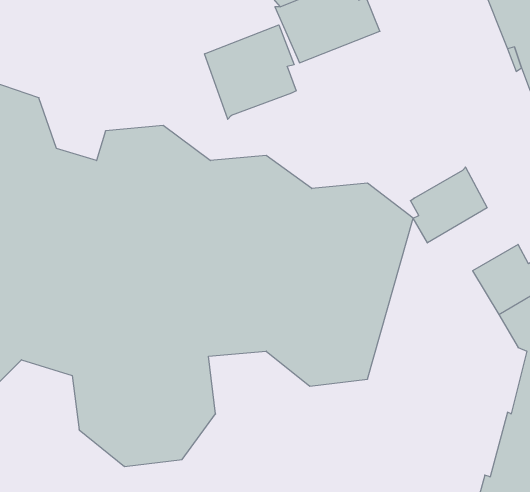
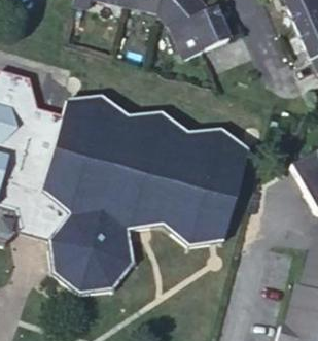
building: [205,25,296,119] -> none
building: [410,167,487,243] -> none

